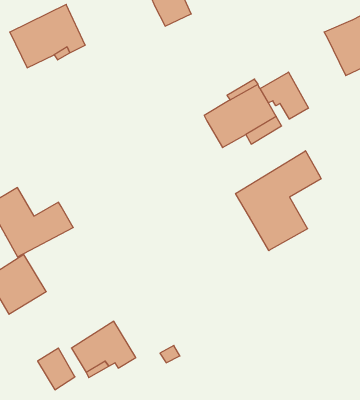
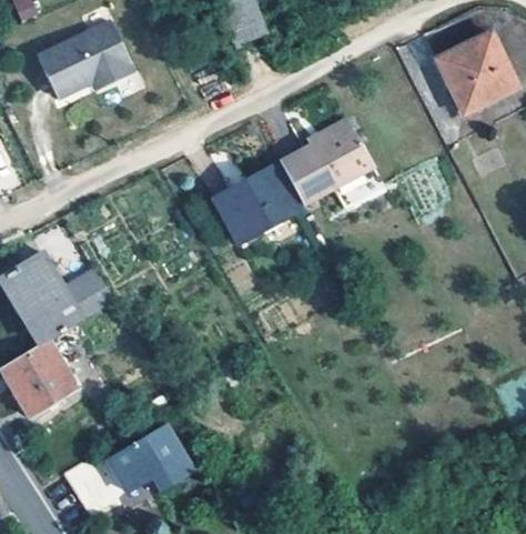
building: [260,72,308,119] -> none
building: none -> [215,165,301,243]
building: [236,151,321,251] -> none

